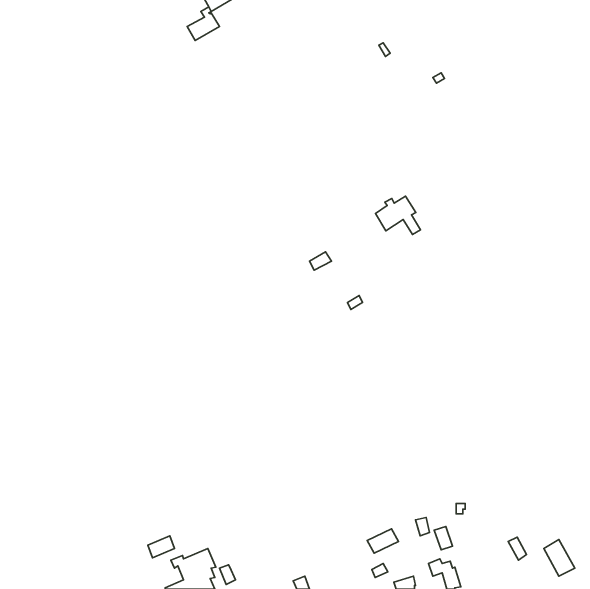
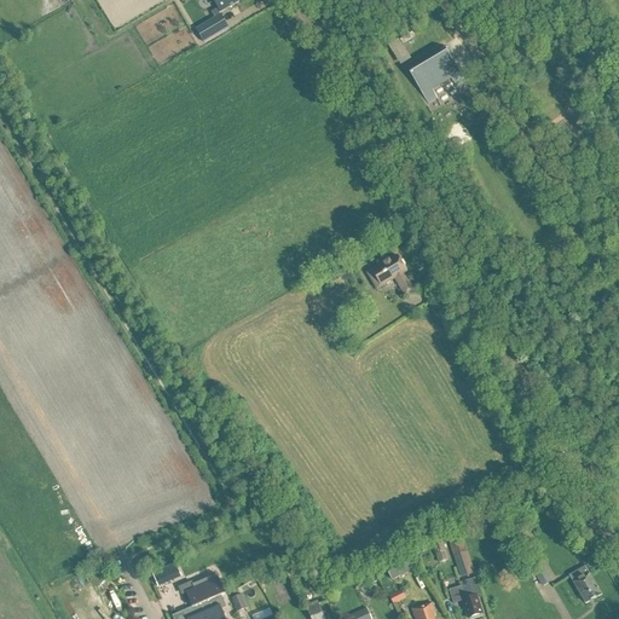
building: none -> [407,46,458,104]
building: [376,196,421,234] -> [366,254,413,294]

